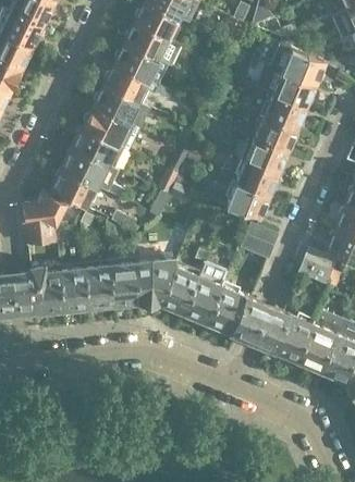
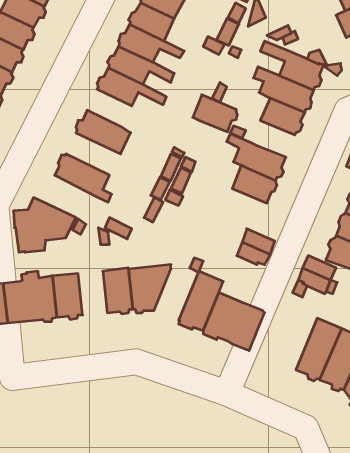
building: [93,88,137,125] -> none
building: [254,119,297,155] -> [193,95,237,132]
building: [73,131,126,172] -> none
building: [51,172,96,210] -> none
building: [225,185,270,222] -> none
building: [85,265,113,309] -> none
building: [159,267,198,313] -> none
building: [252,306,313,361] -> none

